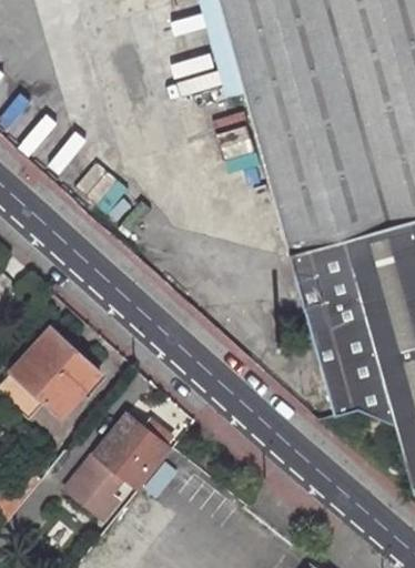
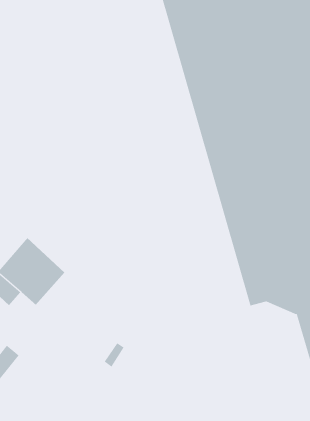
building: [80,417,171,511] -> none

